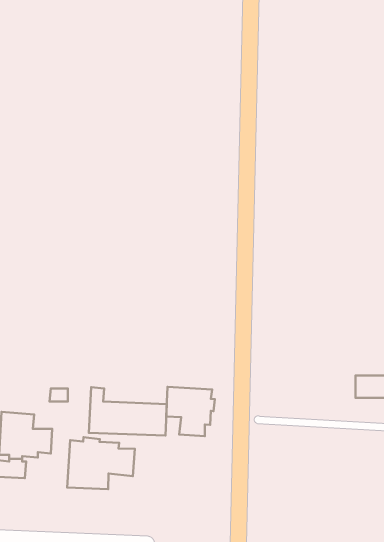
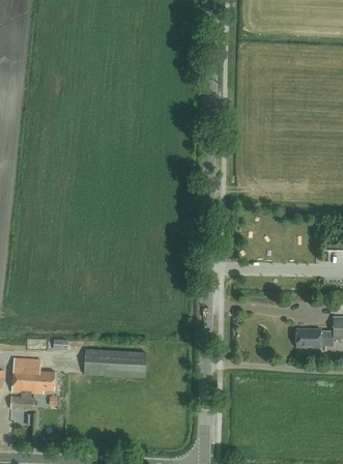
building: [166,387,215,436] -> none
building: [67,437,135,489] -> none

